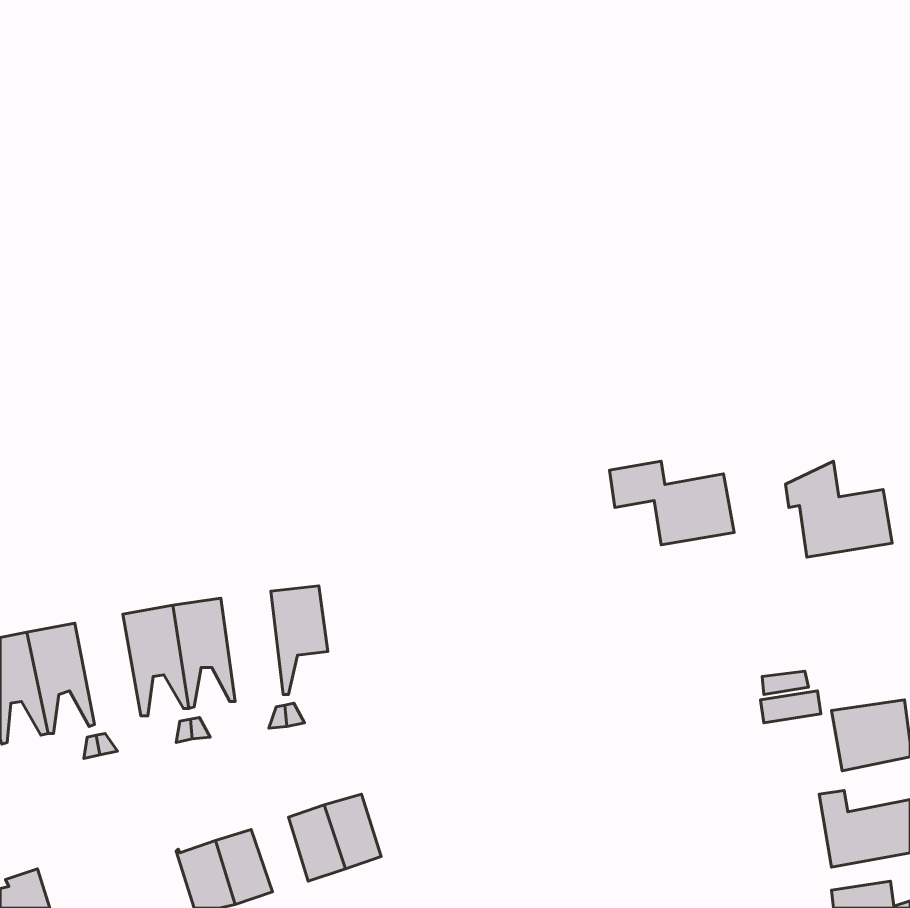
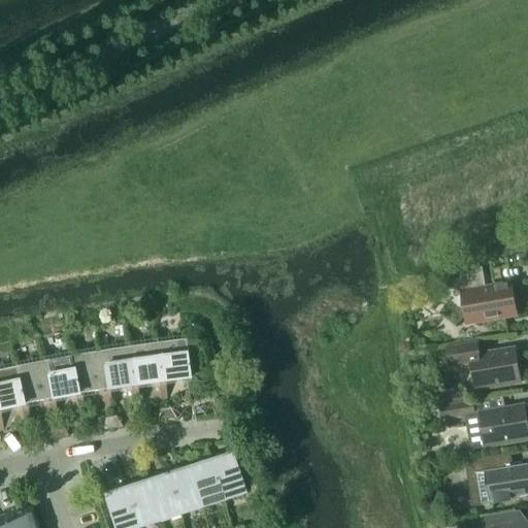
building: [610,461,734,545] -> [448,340,520,389]
building: none -> [128,342,164,406]
building: none -> [43,356,81,420]
building: none -> [209,451,243,496]
building: none -> [145,473,178,517]

